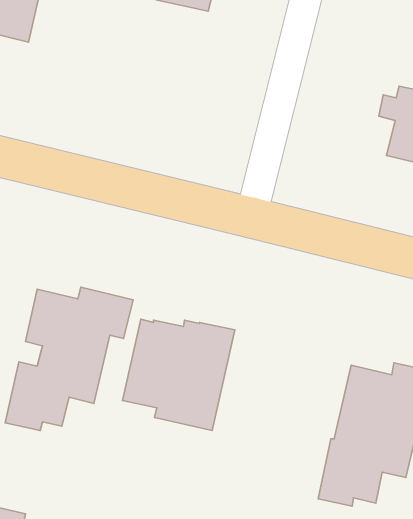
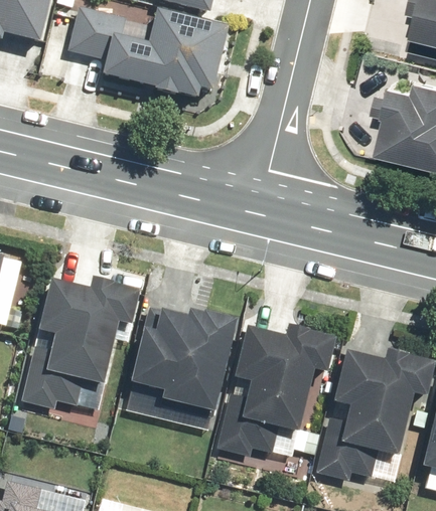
building: none -> [68,9,232,100]
building: none -> [217,322,337,457]

